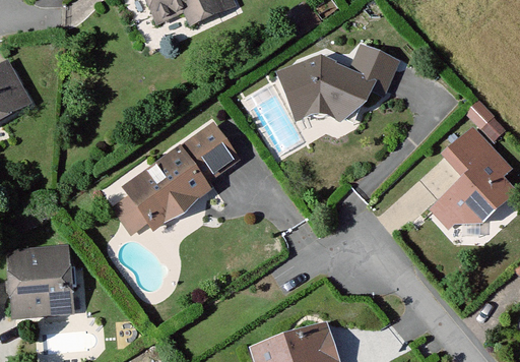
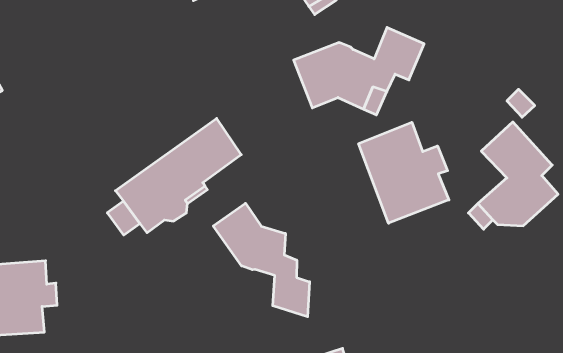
building: none -> [359,122,449,223]
building: none -> [213,203,310,317]

